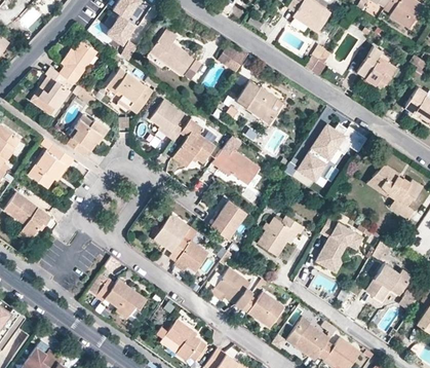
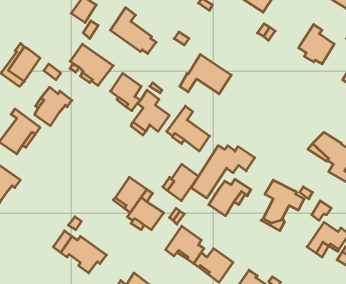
building: [60,41,97,84] -> none
building: [297,125,366,183] -> [191,146,255,198]

